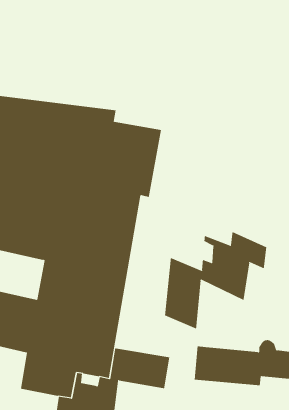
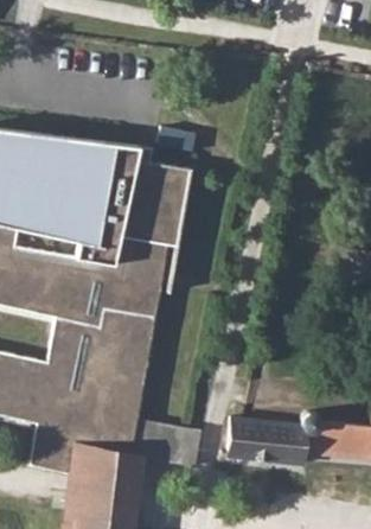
building: [165,231,267,329] -> none

